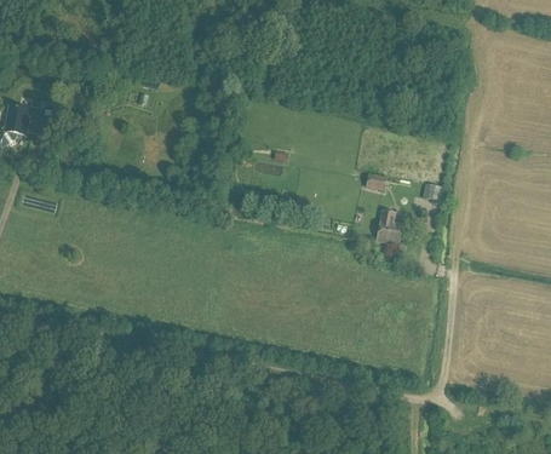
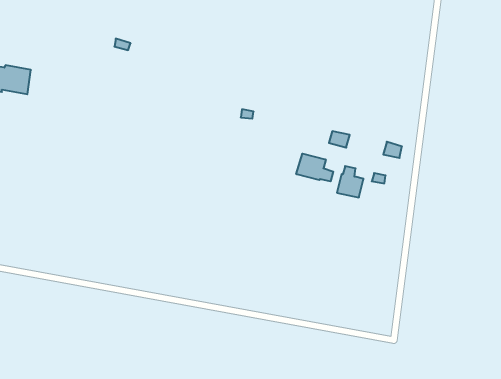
building: none -> [296,154,333,181]

